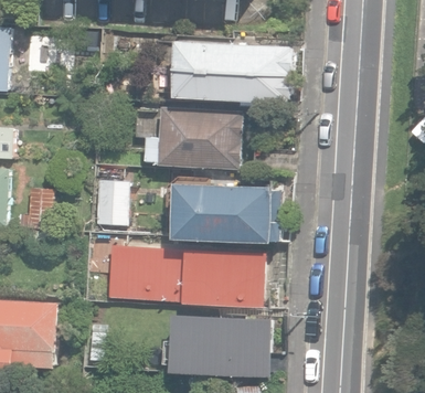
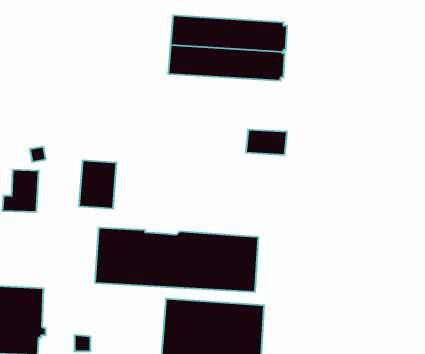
building: [142,107,237,170] -> none
building: [173,182,278,243] -> none

